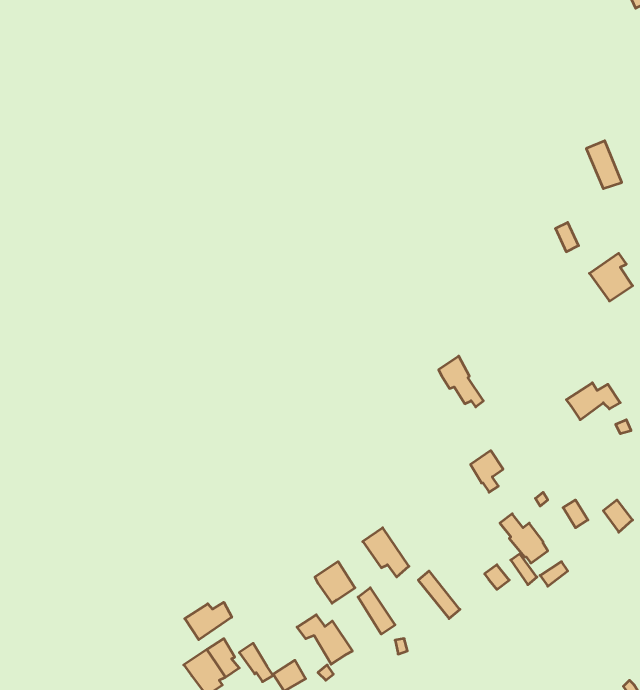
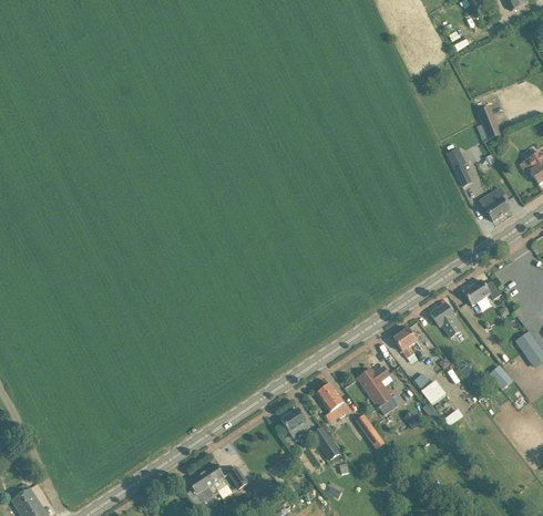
building: [439,356,483,407] -> [431,301,463,338]
building: none -> [358,365,397,413]
building: [185,602,232,640] -> none
building: [297,615,352,664] -> none

